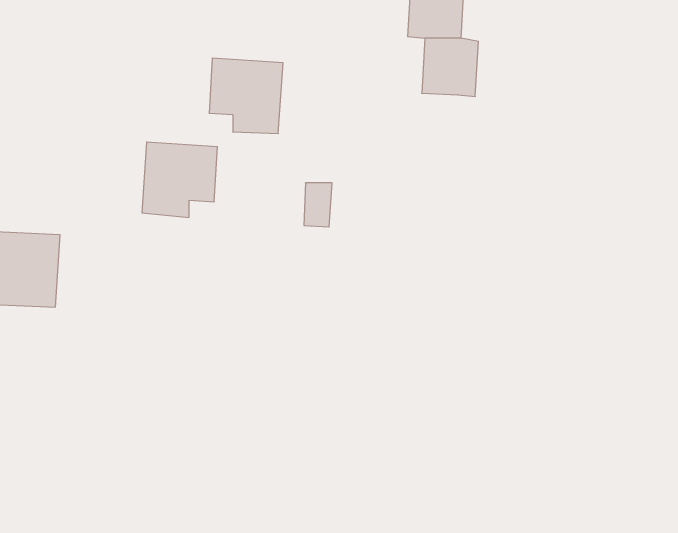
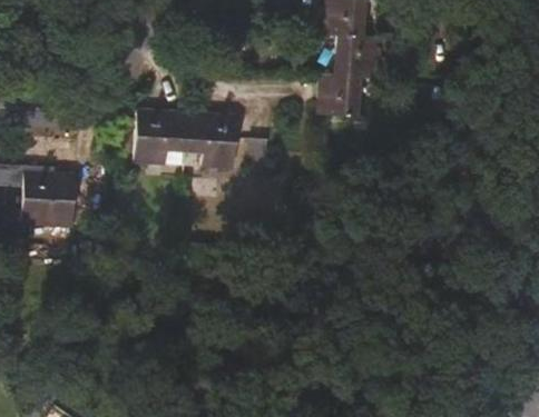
building: [209,58,283,134] -> [187,112,239,166]
building: none -> [320,75,360,117]

